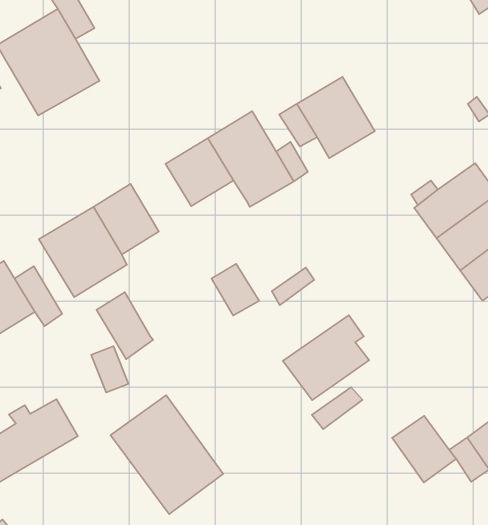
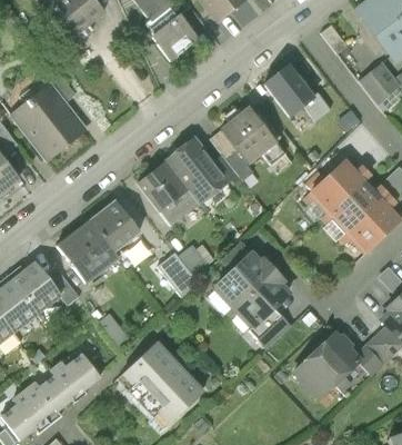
building: none -> [263,66,323,119]
building: none -> [158,188,195,224]
building: none -> [215,254,274,307]
building: [96,292,153,359] -> [157,253,198,298]
building: none -> [295,350,340,396]

